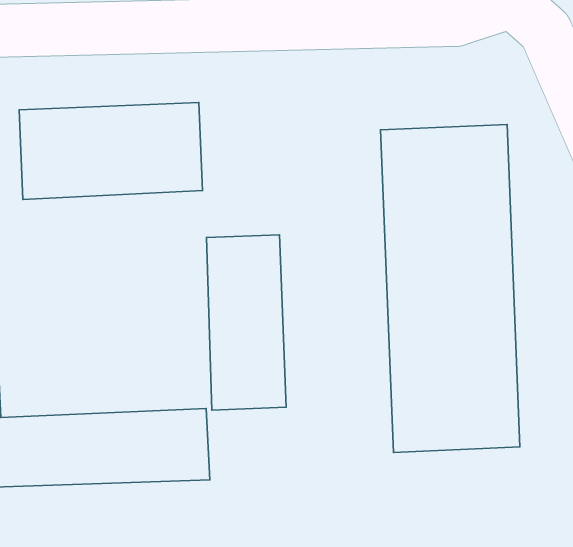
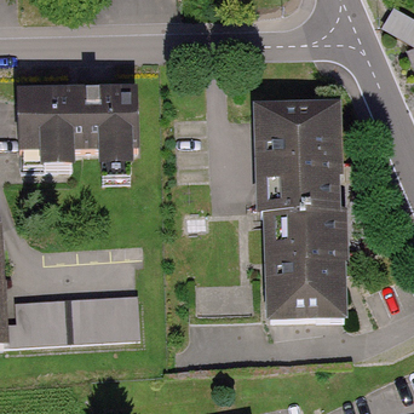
building: [206,235,286,410] -> none

